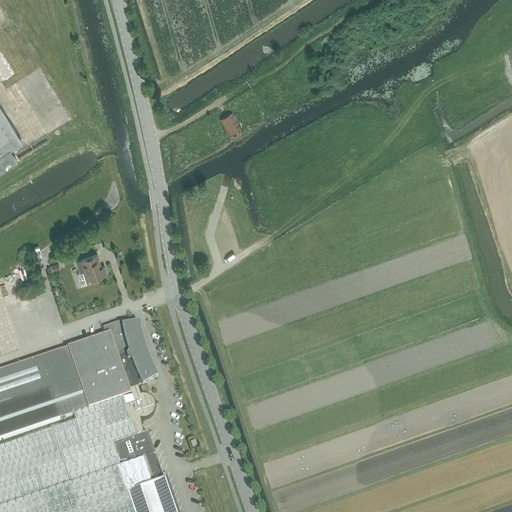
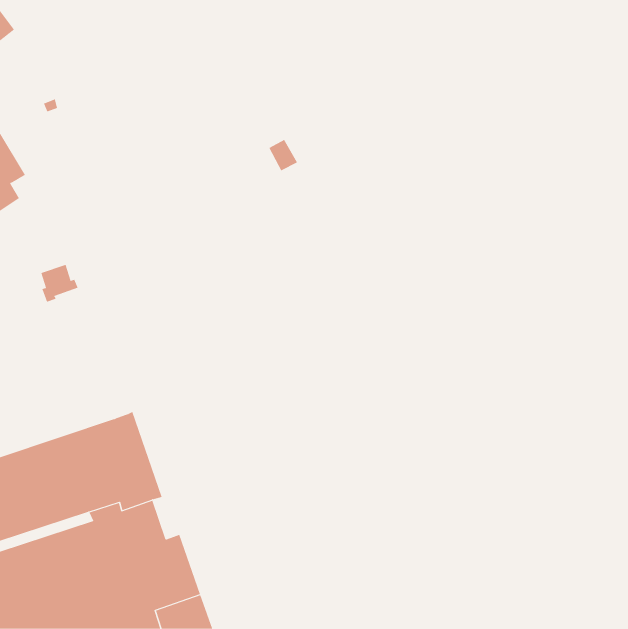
building: [75,255,106,286] -> [40,264,79,302]
building: [101,321,156,438] -> none

